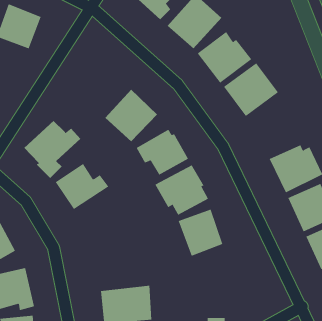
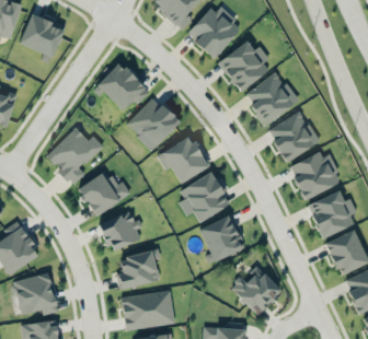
building: none -> [96,62,150,112]
building: none -> [269,110,320,162]
building: none -> [100,210,141,252]
building: none -> [117,250,161,290]
building: none -> [231,267,283,316]

